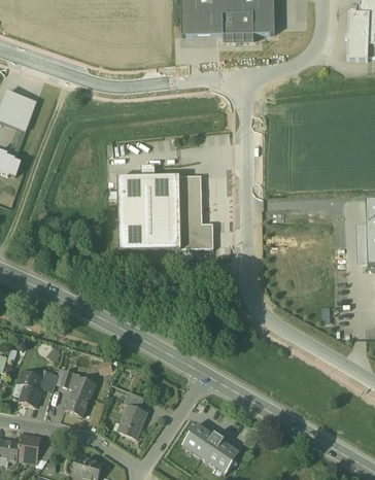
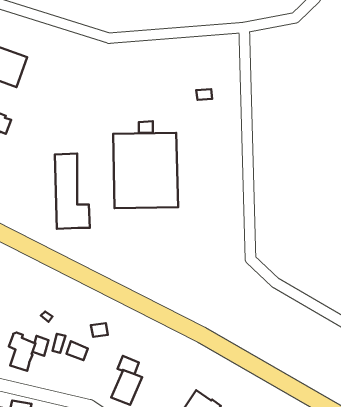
building: [180,173,214,246] -> [55,153,90,229]
building: [66,388,91,416] -> none

